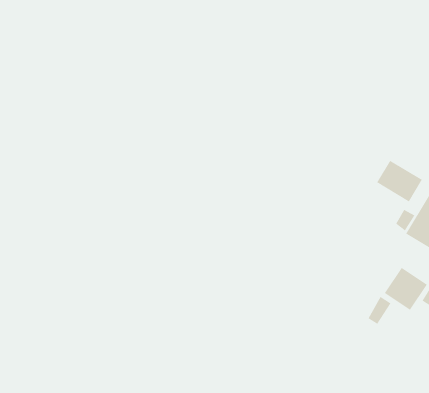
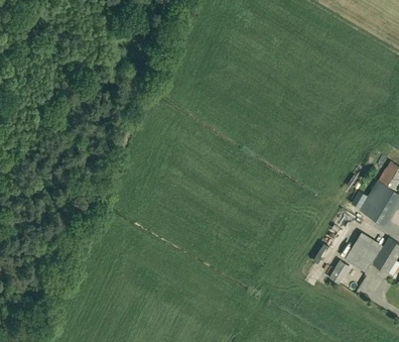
building: [376,160,423,202] -> none

